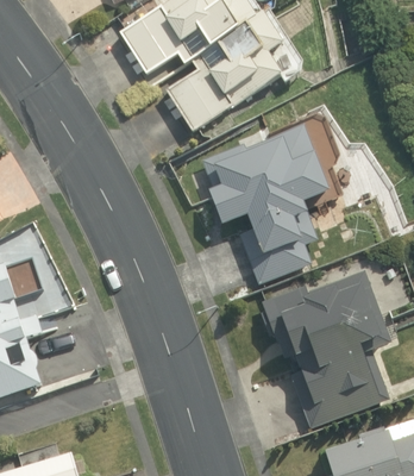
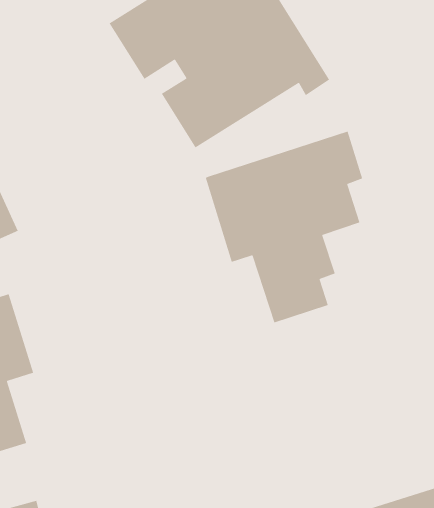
building: [263,269,388,430] -> none

